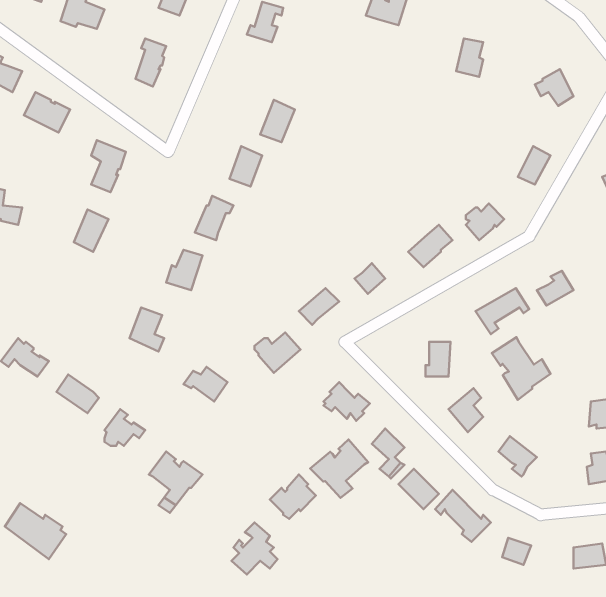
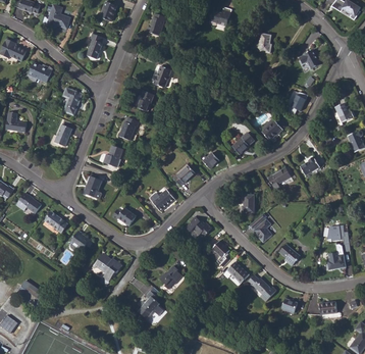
building: [492,337,551,400] -> none
building: [310,440,368,498] -> none

